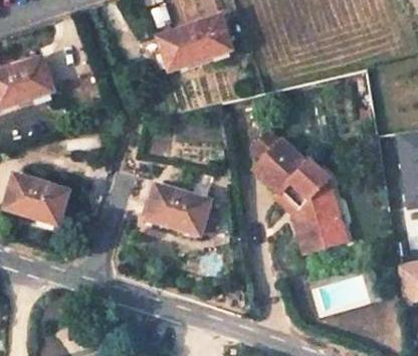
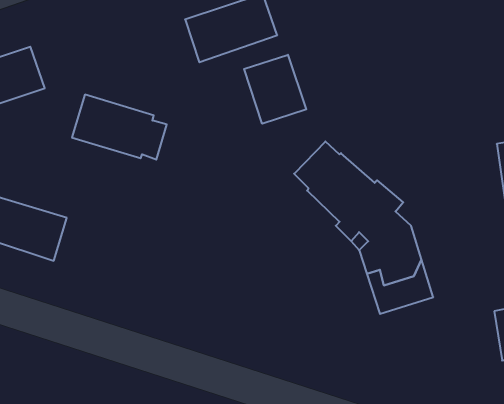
building: none -> [244,55,306,124]
building: [146,184,219,234] -> [72,95,167,160]

